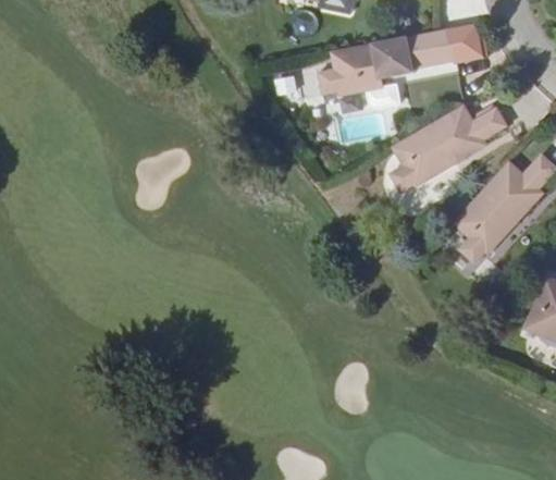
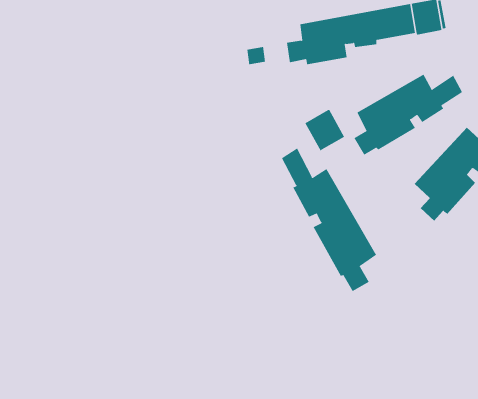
building: none -> [305,109,345,151]
building: none -> [281,148,377,292]

